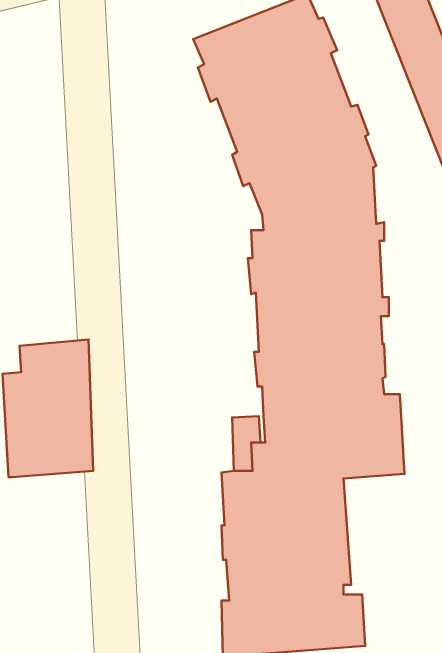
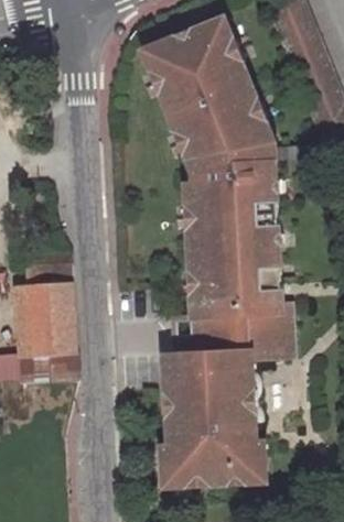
building: none -> [18,351,76,381]

